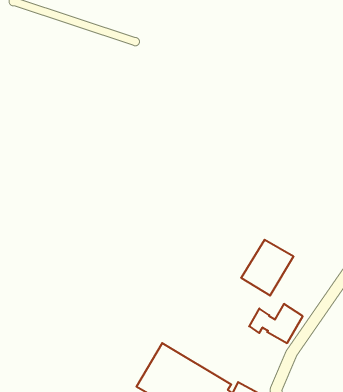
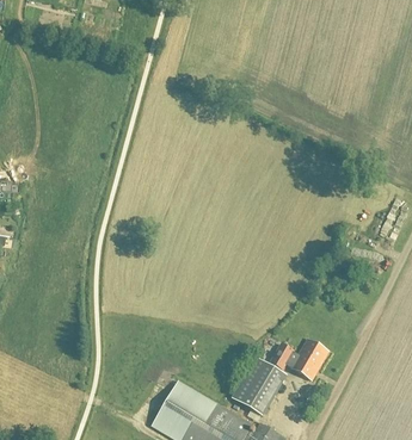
building: [241,240,294,296] -> [230,358,287,417]

